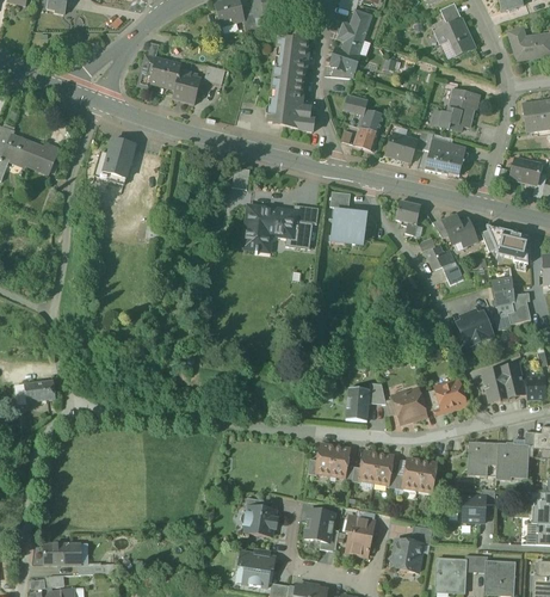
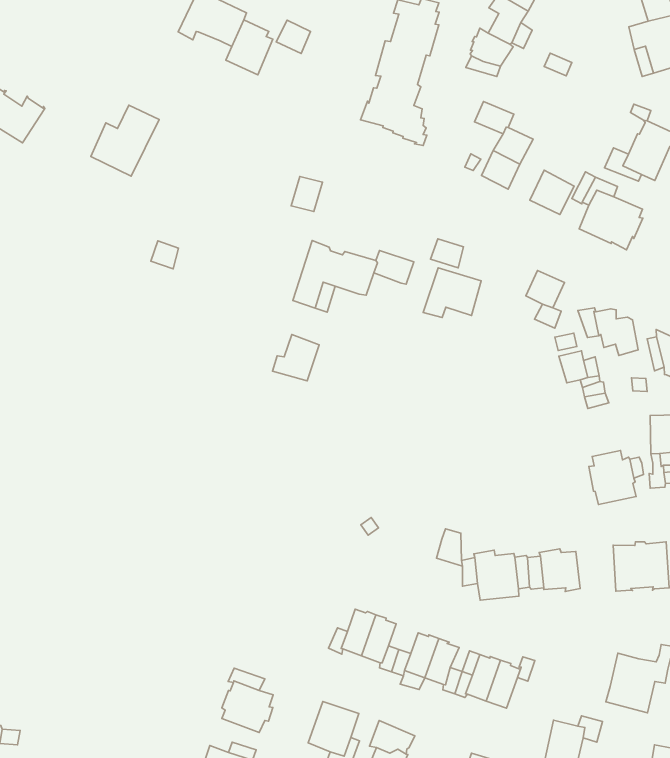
building: [285,220,313,248] -> [273,335,319,381]
building: [345,384,369,419] -> none
building: [466,441,498,475] -> none

